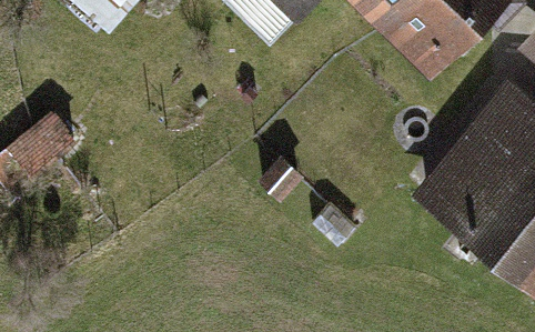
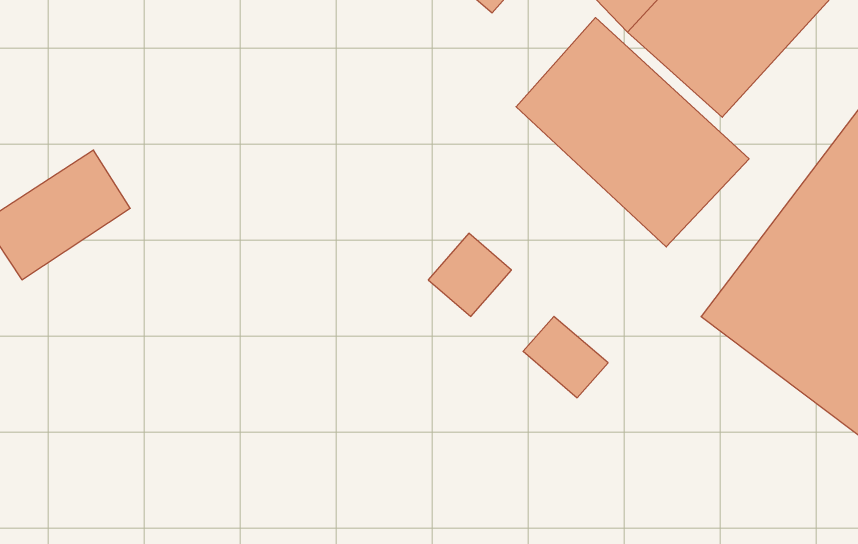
building: none -> [516,18,749,247]

